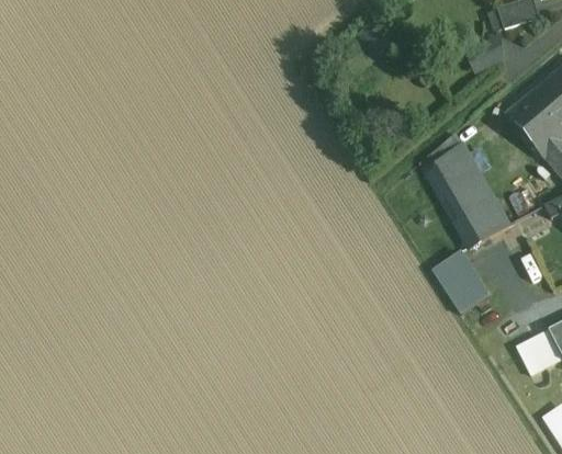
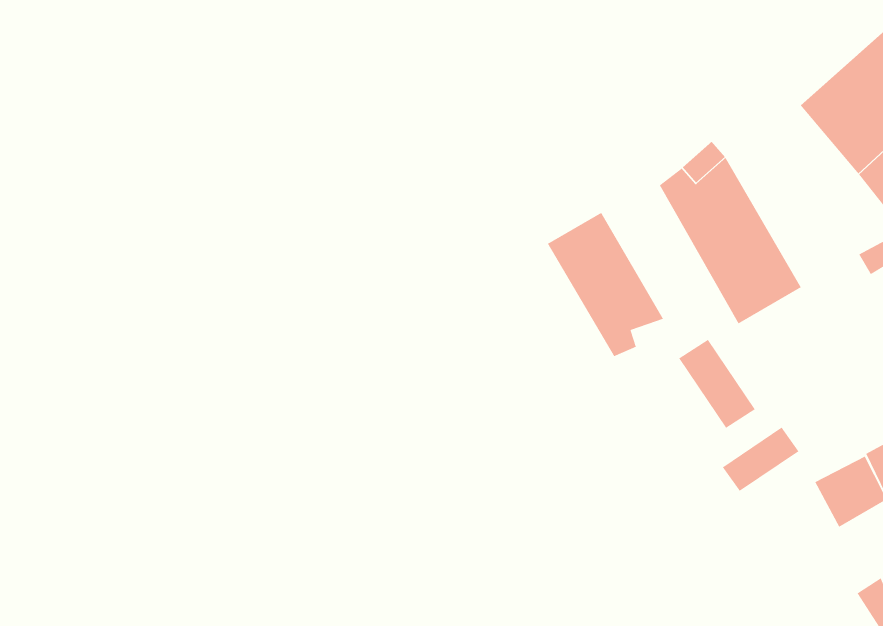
building: none -> [547,212,664,357]
building: none -> [722,427,799,492]

